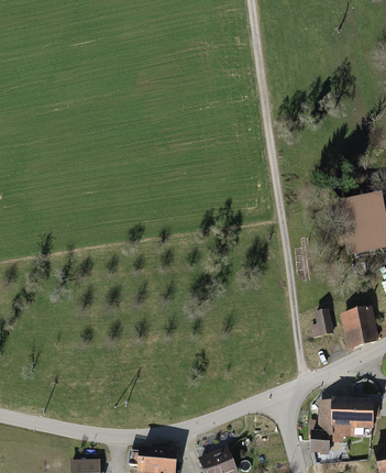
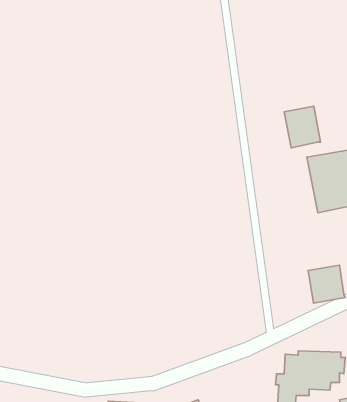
building: none -> [284,106,321,148]
building: [309,310,333,339] -> none

